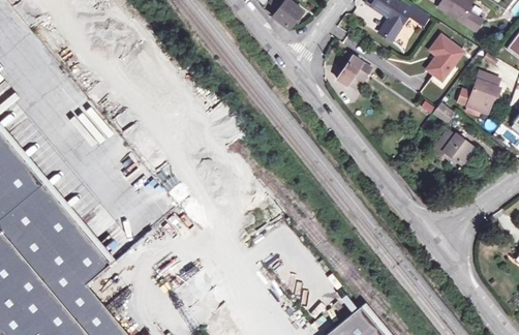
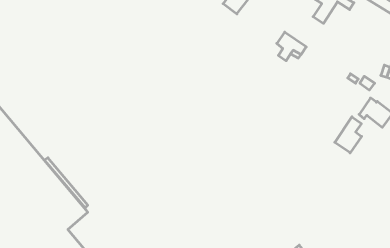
building: [426,35,463,81] -> none
building: none -> [335,117,362,153]

